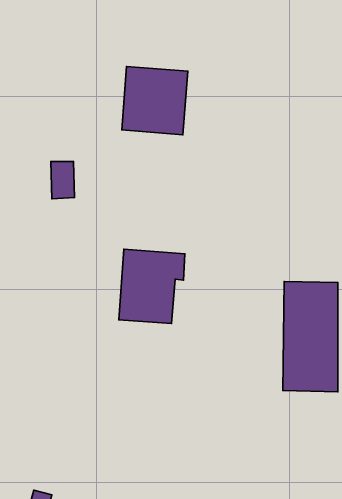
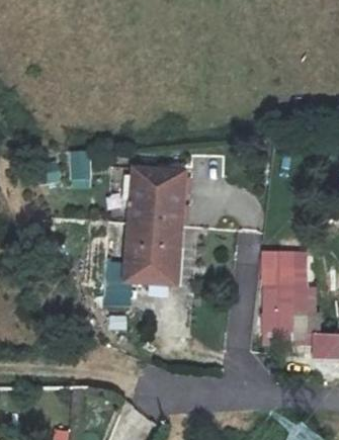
building: [122,66,188,135] -> [129,168,184,226]

